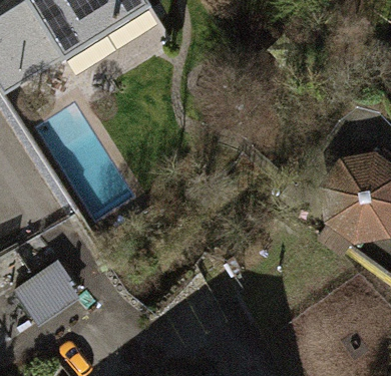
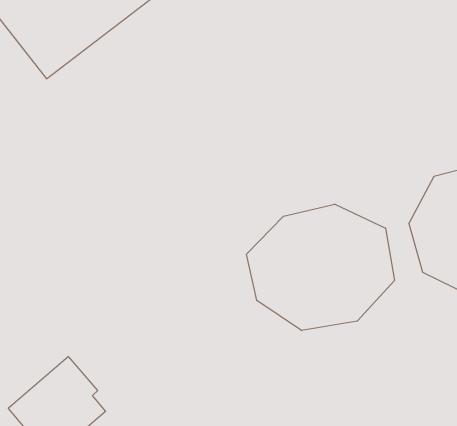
building: none -> [247,204,395,331]

